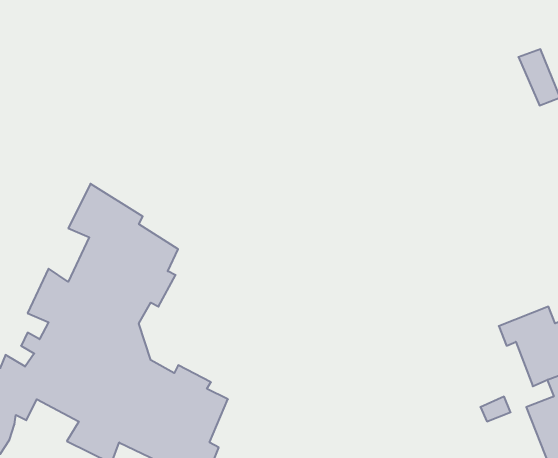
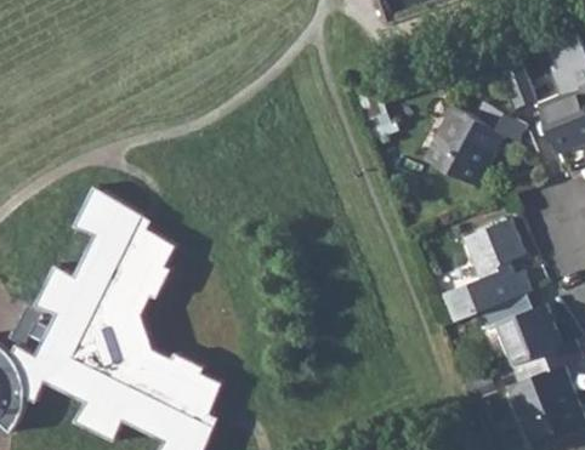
building: none -> [418,106,521,187]
building: none -> [438,221,526,323]

